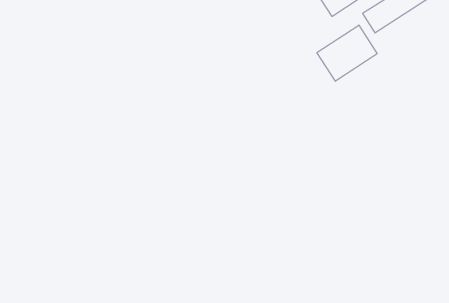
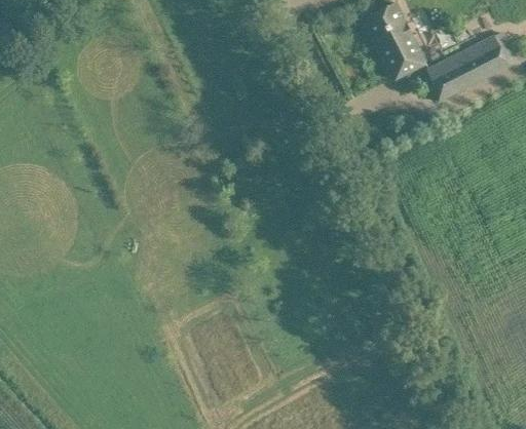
building: [317,25,377,81] -> none

